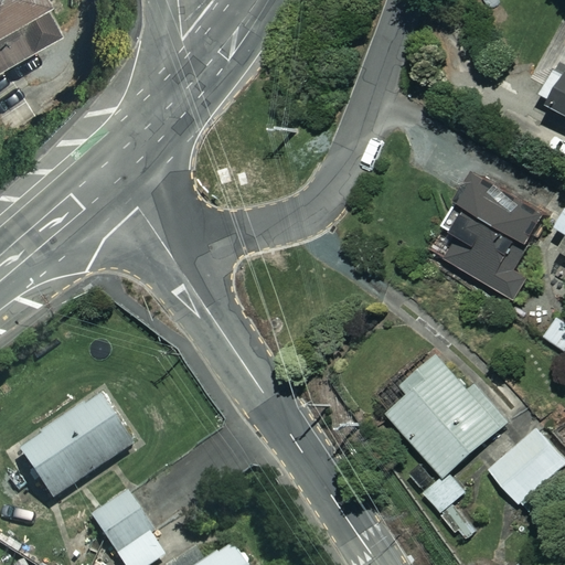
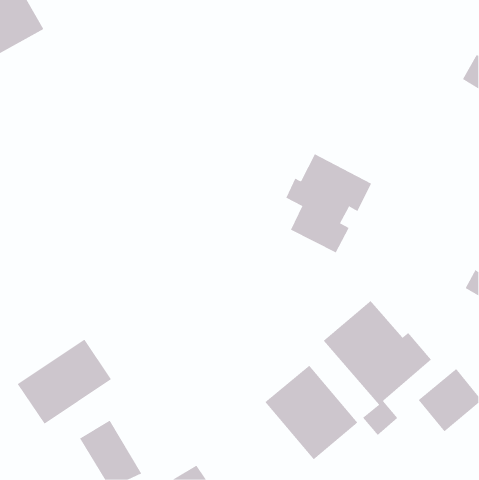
building: [443,173,544,290] -> [285,153,372,253]
building: none -> [265,365,358,460]

